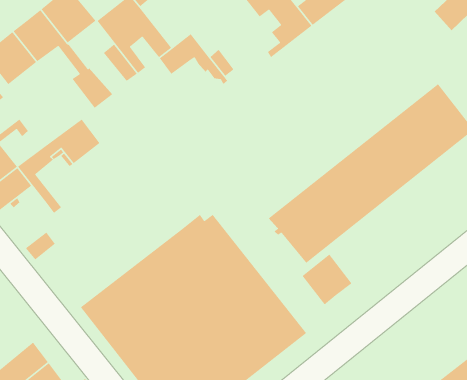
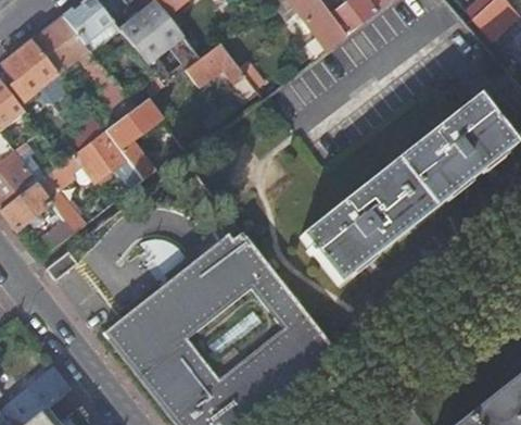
building: none -> [105,100,162,180]
building: [301,254,353,306] -> none

